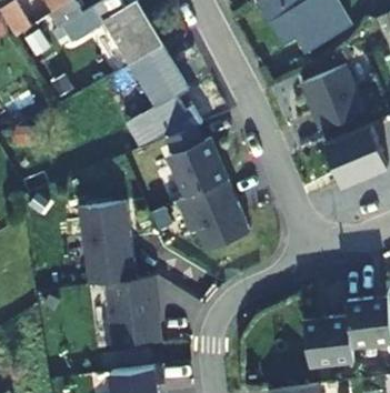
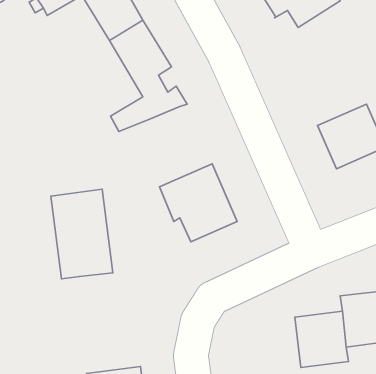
building: [302,66,366,130] -> none
building: [167,125,227,196] -> none
building: [102,278,159,349] -> none

